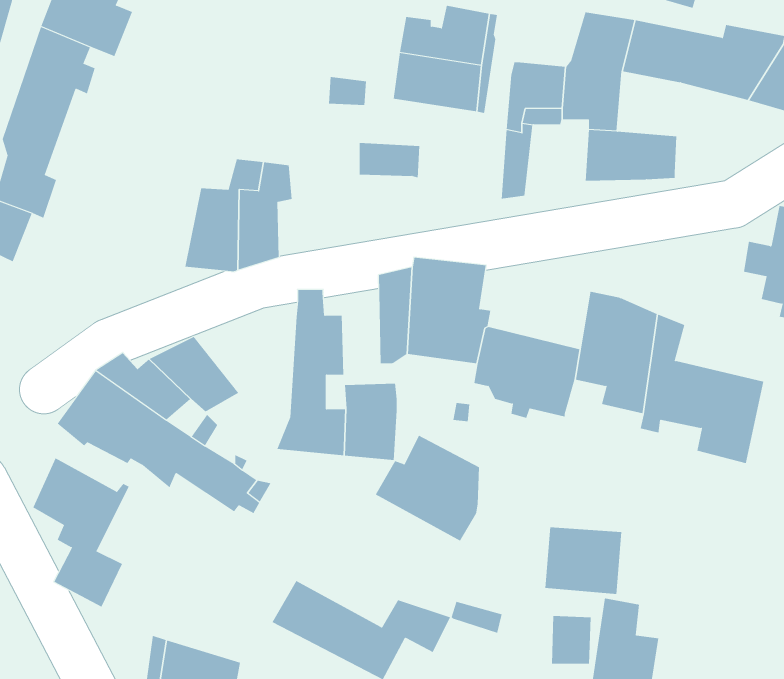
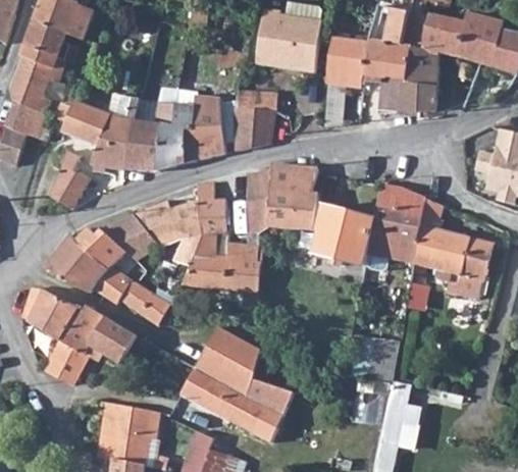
building: none -> [398,46,437,87]
building: none -> [184,87,224,163]
building: none -> [62,94,135,169]
building: none -> [234,111,272,151]
building: none -> [47,152,91,209]
building: none -> [131,201,195,264]
building: [375,435,480,541] -> [195,329,261,397]
building: none -> [69,308,133,359]

